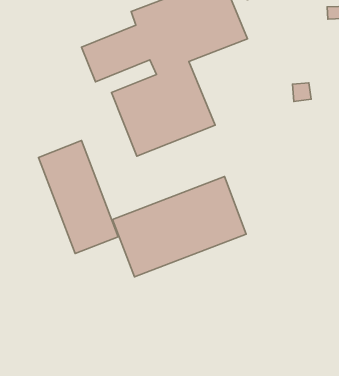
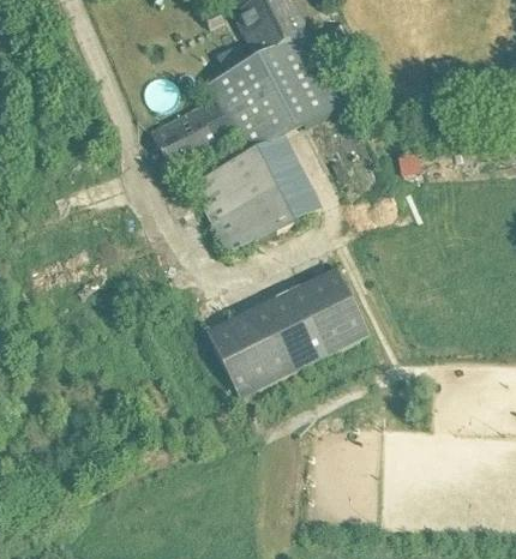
building: [38,141,118,254] -> none

